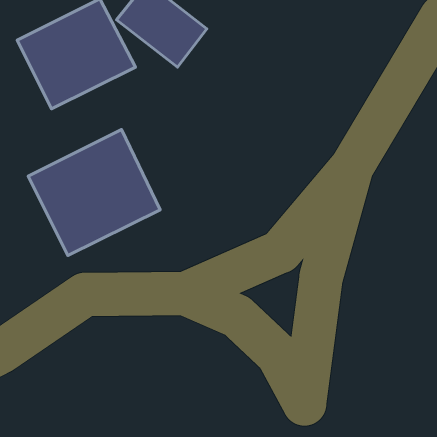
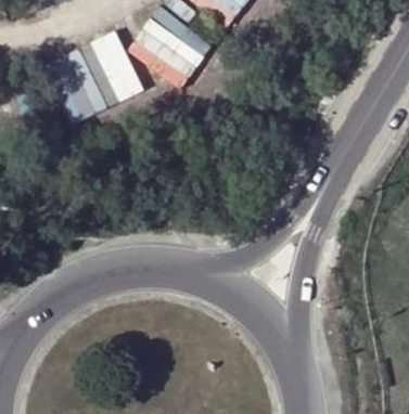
building: [28,129,160,255] -> none

